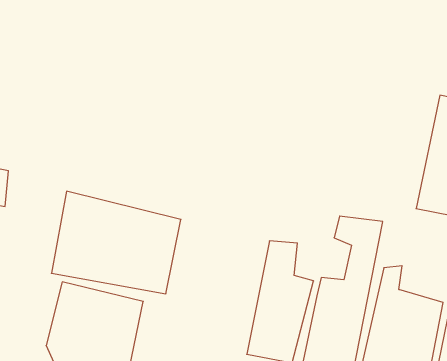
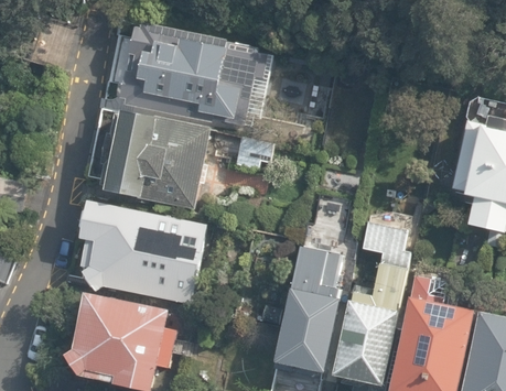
building: none -> [119,20,268,130]
building: none -> [95,110,214,211]

